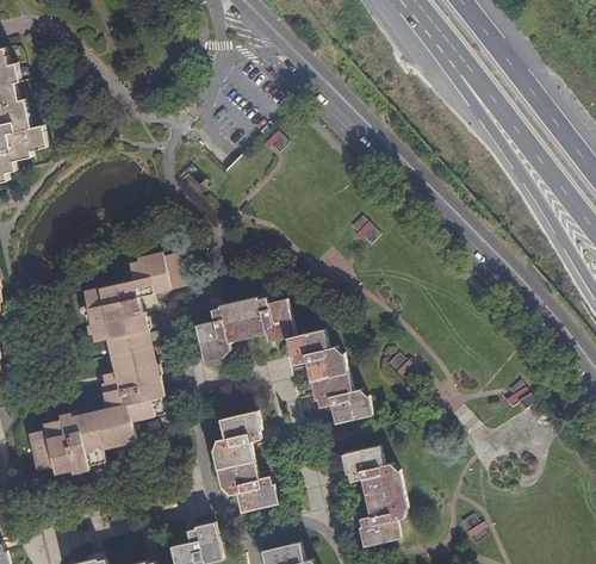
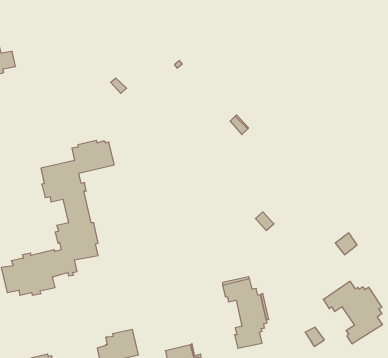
building: [193,297,371,421] -> none
building: [211,408,275,513] -> none
building: none -> [323,281,382,344]

